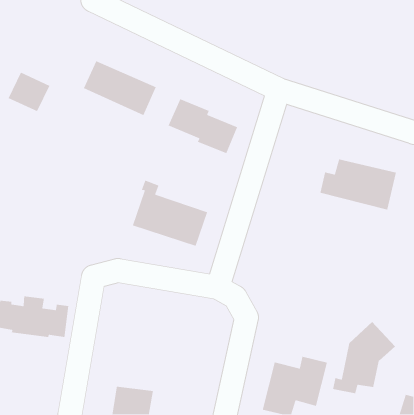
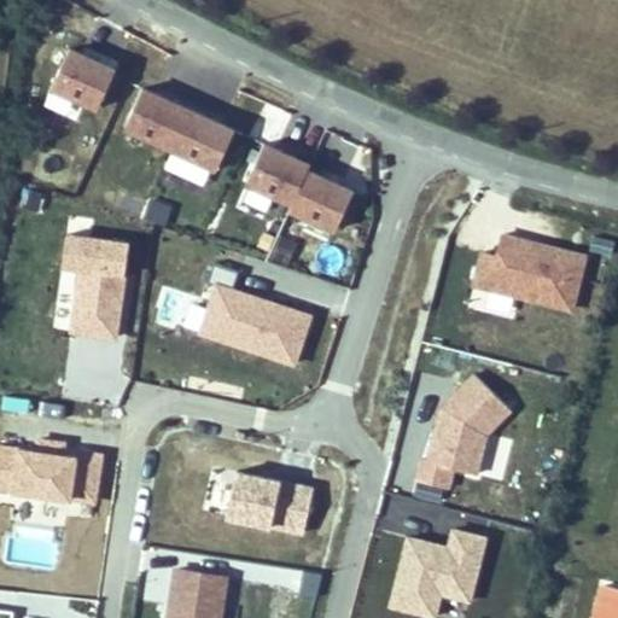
building: [8,72,51,112] -> [49,51,113,111]
building: none -> [60,237,128,343]
building: none -> [205,472,313,526]
building: [332,321,396,394] -> [415,377,509,485]

